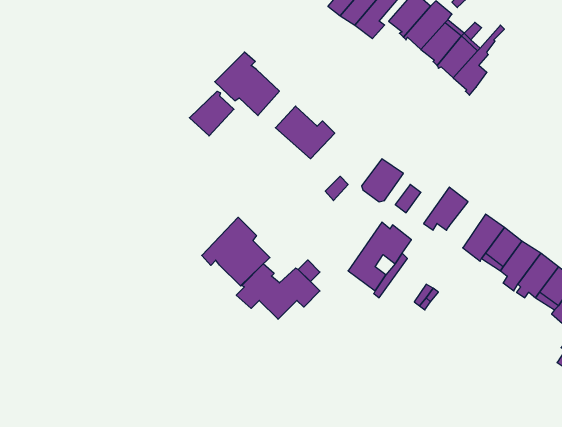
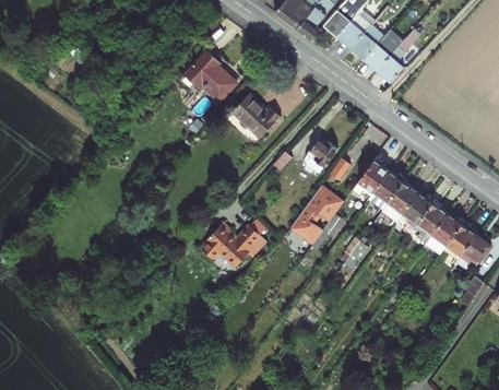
building: [189,91,234,136] -> none
building: none -> [369,172,403,209]
building: [202,217,270,286] -> none

